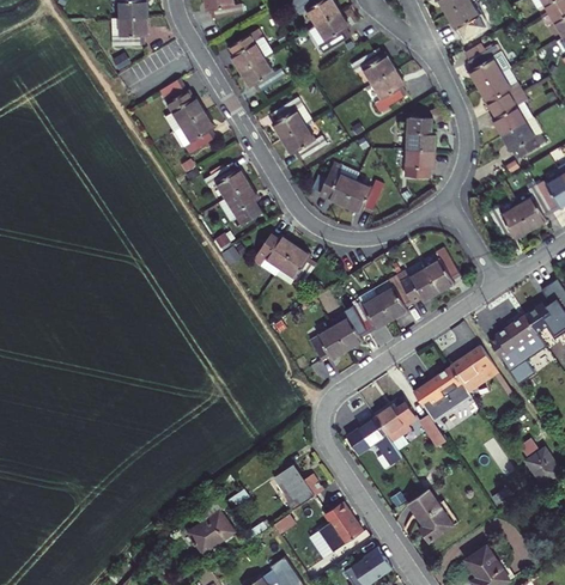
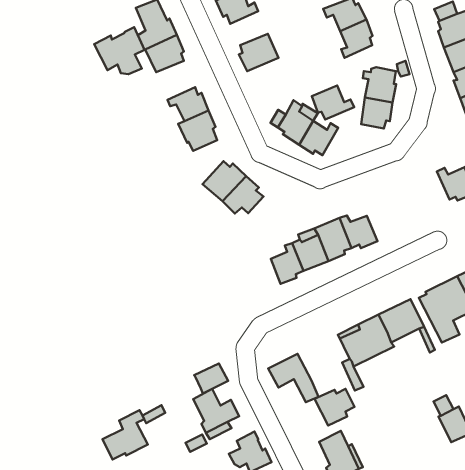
building: none -> [94,27,144,74]
building: [281,124,326,160] -> [312,86,354,119]
building: [424,248,458,292] -> none
building: [309,325,346,360] -> none
building: [373,403,415,443] -> [314,389,355,426]
building: none -> [194,363,228,393]

